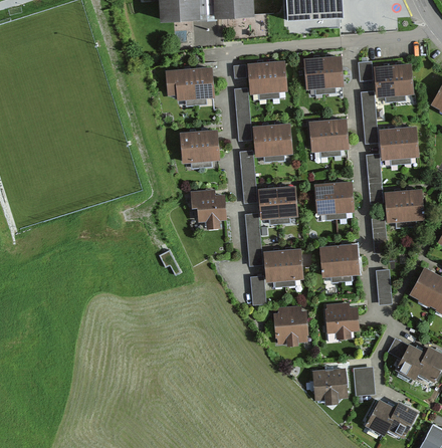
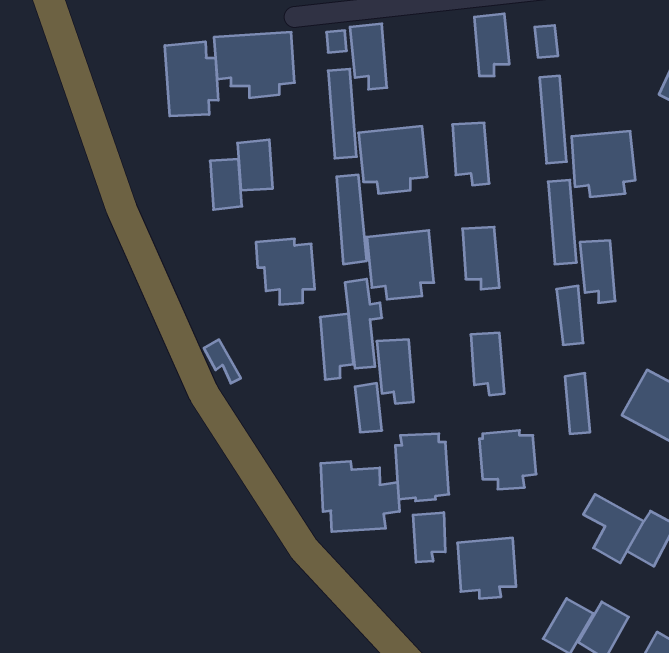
building: [304,56,324,92] -> none
building: [266,59,286,98] -> none
building: [375,63,412,102] -> none
building: none -> [165,42,218,116]
building: [327,118,348,156] -> none
building: [199,129,218,159] -> [210,159,242,210]
building: [334,180,354,218] -> none
building: [403,189,423,226] -> none
building: [337,243,359,281] -> none
building: [282,247,302,286] -> [320,314,354,379]
building: none -> [321,461,399,532]
building: none -> [413,512,445,562]
building: [352,367,375,396] -> none

